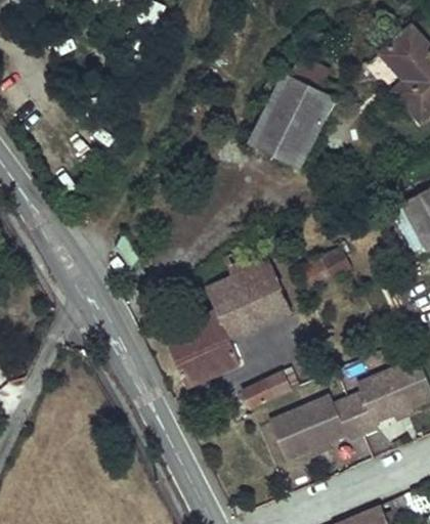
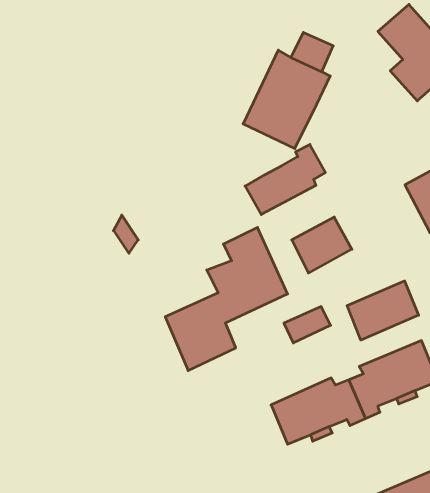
building: none -> [245,144,325,215]
building: none -> [347,281,419,340]
building: [243,375,289,410] -> [284,307,331,343]

